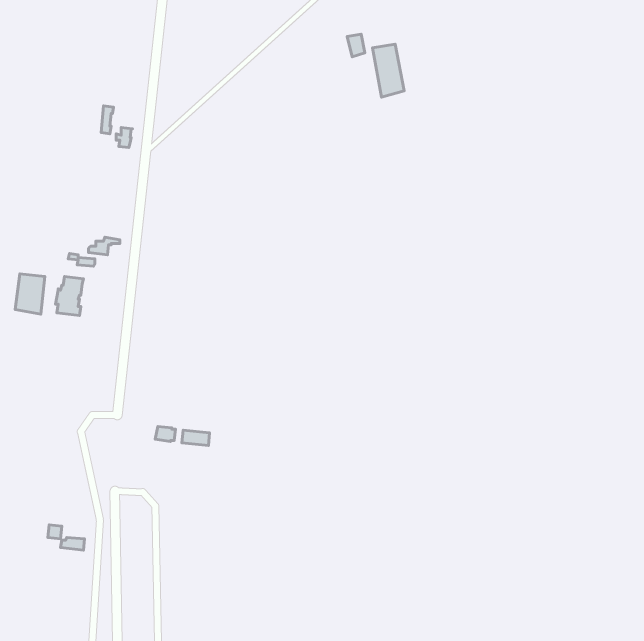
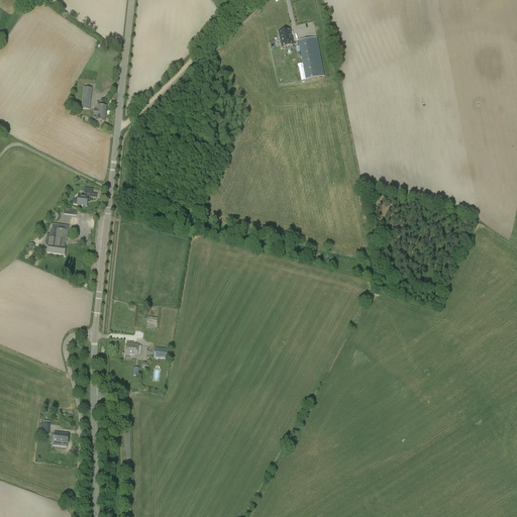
building: [15,274,45,314] -> none

